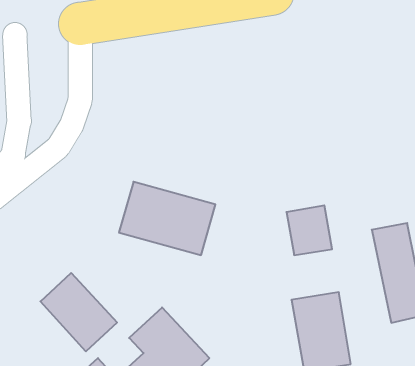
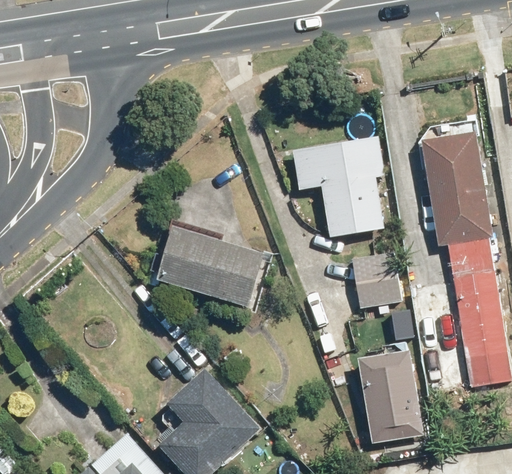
building: none -> [419,131,493,247]
building: none -> [292,138,386,238]
building: [40,273,117,351] -> none

